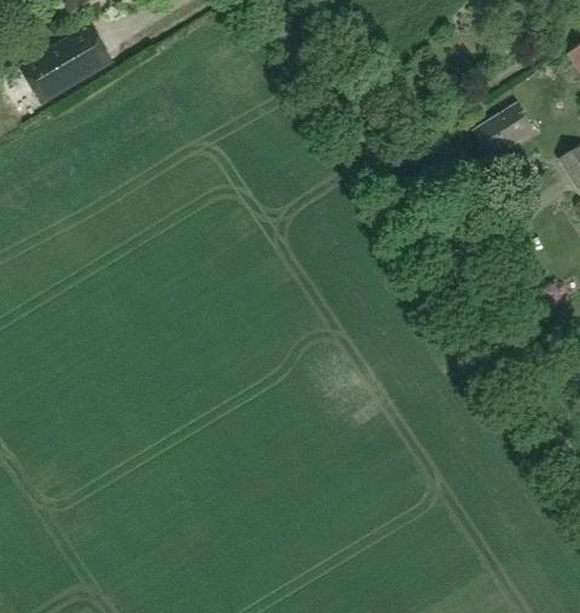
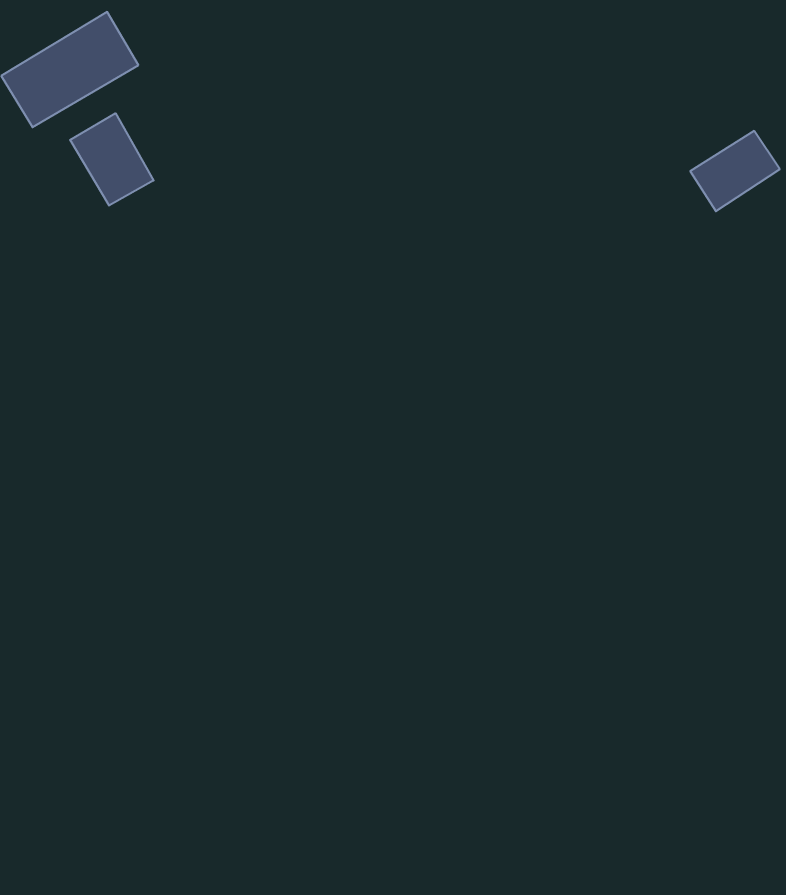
building: none -> [70,113,154,206]

